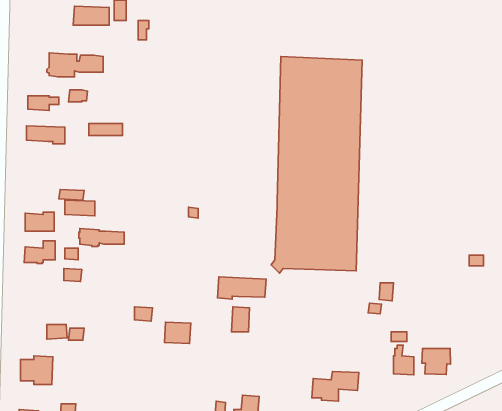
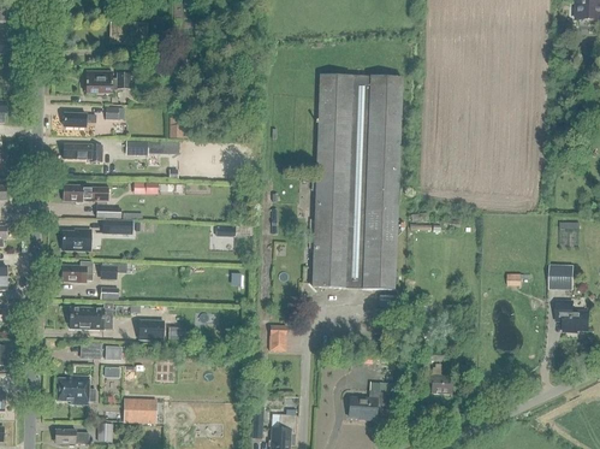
building: [79,229,124,247] -> [61,184,107,202]
building: [217,277,266,299] -> none
building: none -> [69,306,103,330]
building: [164,322,191,344] -> [137,319,164,341]
building: [422,349,450,375] -> none
building: none -> [124,396,154,423]

